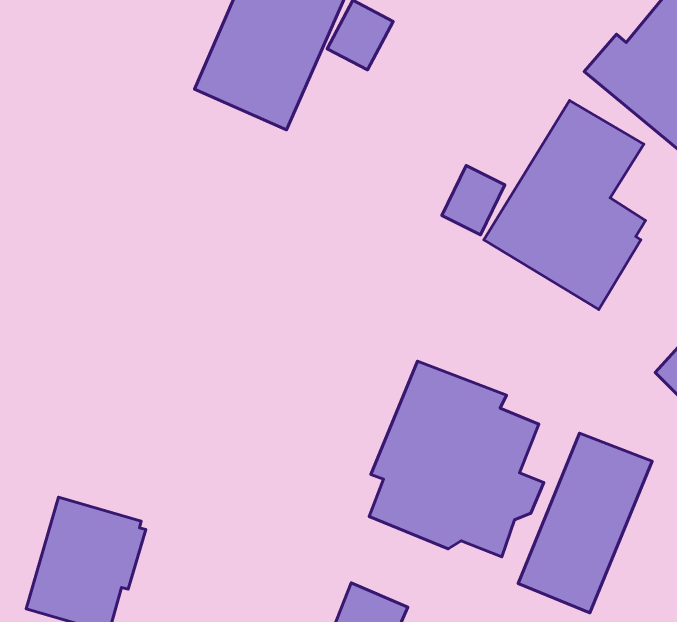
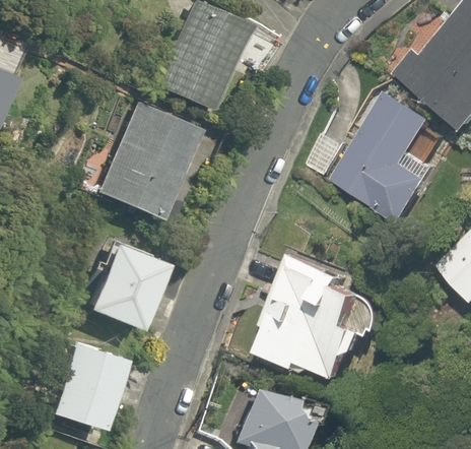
building: none -> [100,102,201,218]
building: none -> [88,242,164,327]
building: [518,433,652,613] -> none

